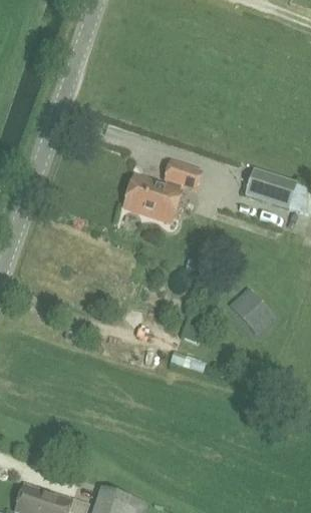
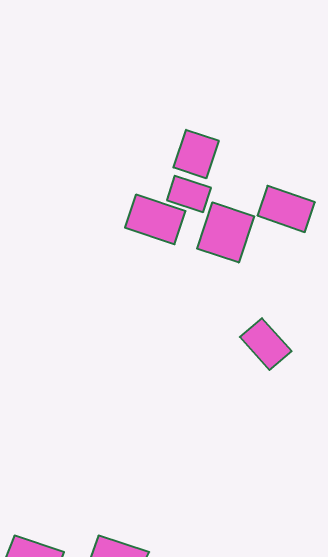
building: none -> [173,130,219,178]
building: none -> [197,202,254,263]

